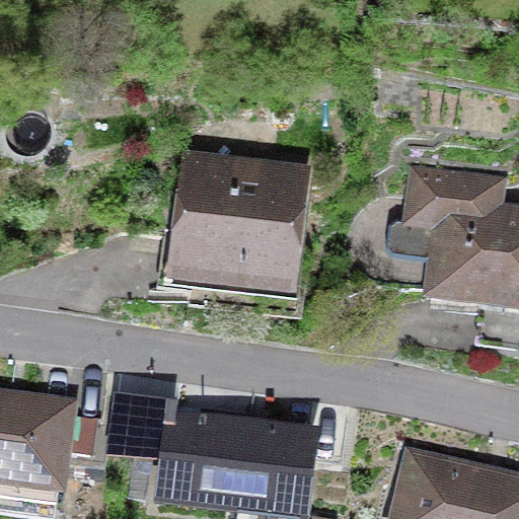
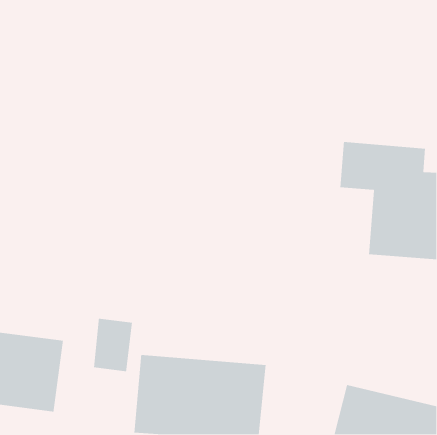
building: [176,152,313,292] -> none

